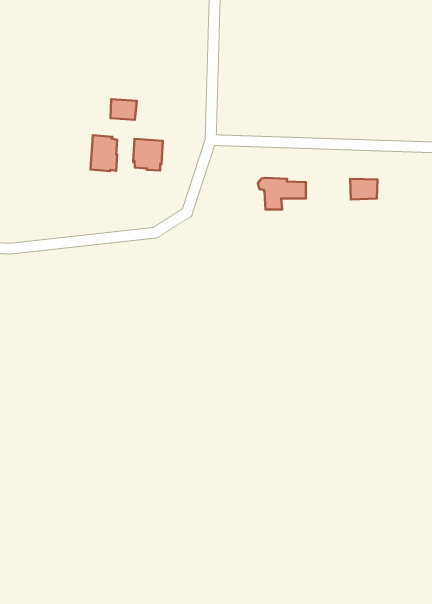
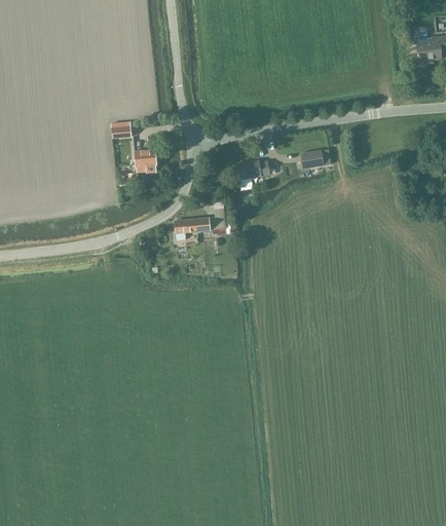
building: [91,135,117,171] -> none
building: none -> [176,206,227,239]

